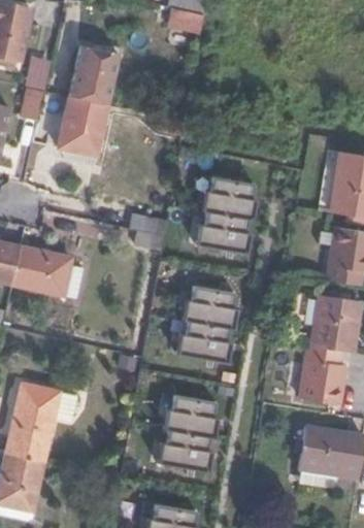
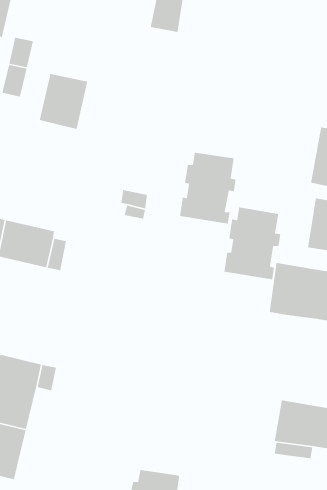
building: [67,45,118,105] -> none
building: [180,285,239,360] -> [223,206,281,280]
building: [300,344,345,403] -> none
building: [162,393,221,467] -> none

